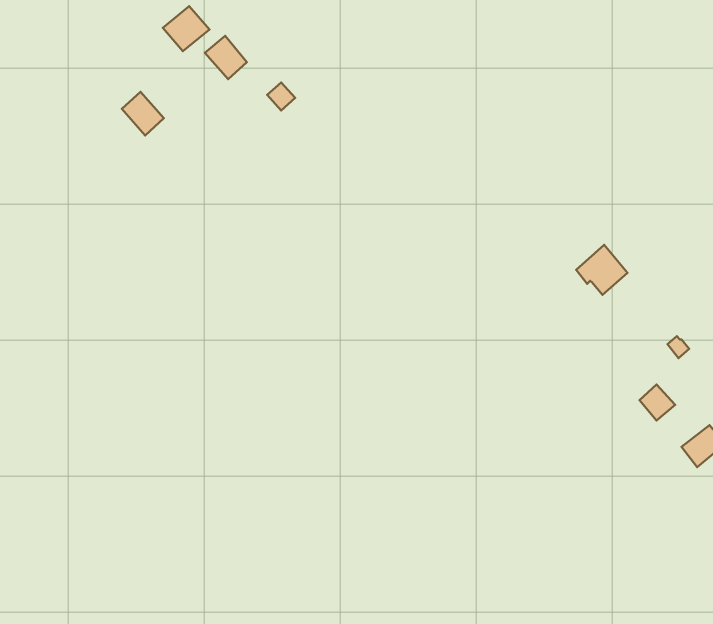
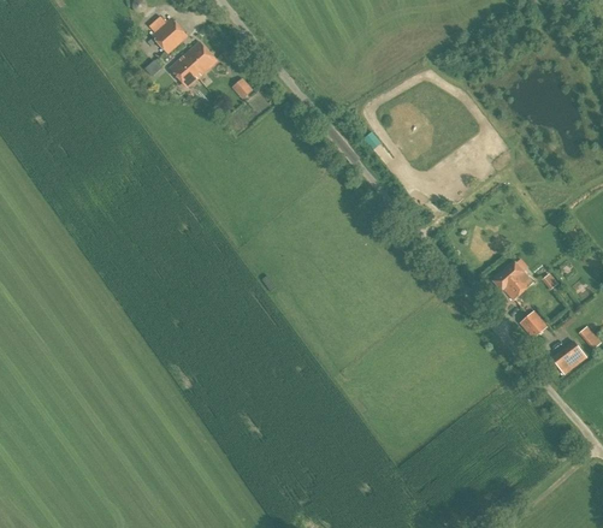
building: [122,92,164,135] -> [169,54,201,88]
building: [576,245,628,295] -> [492,261,532,299]

